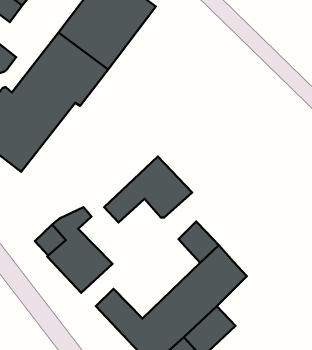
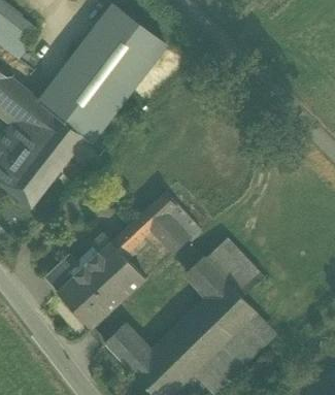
building: none -> [88,232,145,299]
building: none -> [207,240,263,297]
building: none -> [226,311,275,361]

